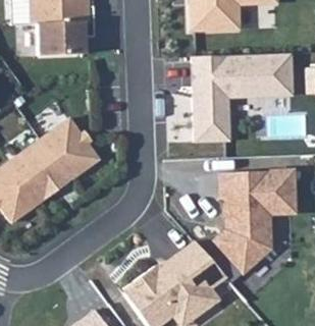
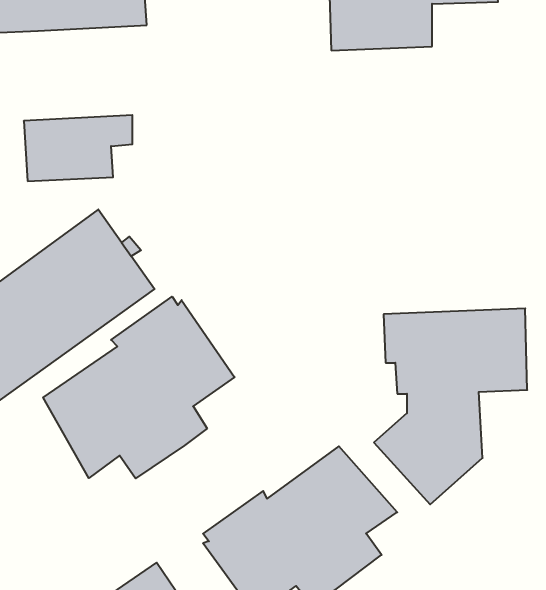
building: [37,20,94,55] -> [24,115,132,181]
building: [192,52,296,143] -> none
building: none -> [43,297,235,478]

